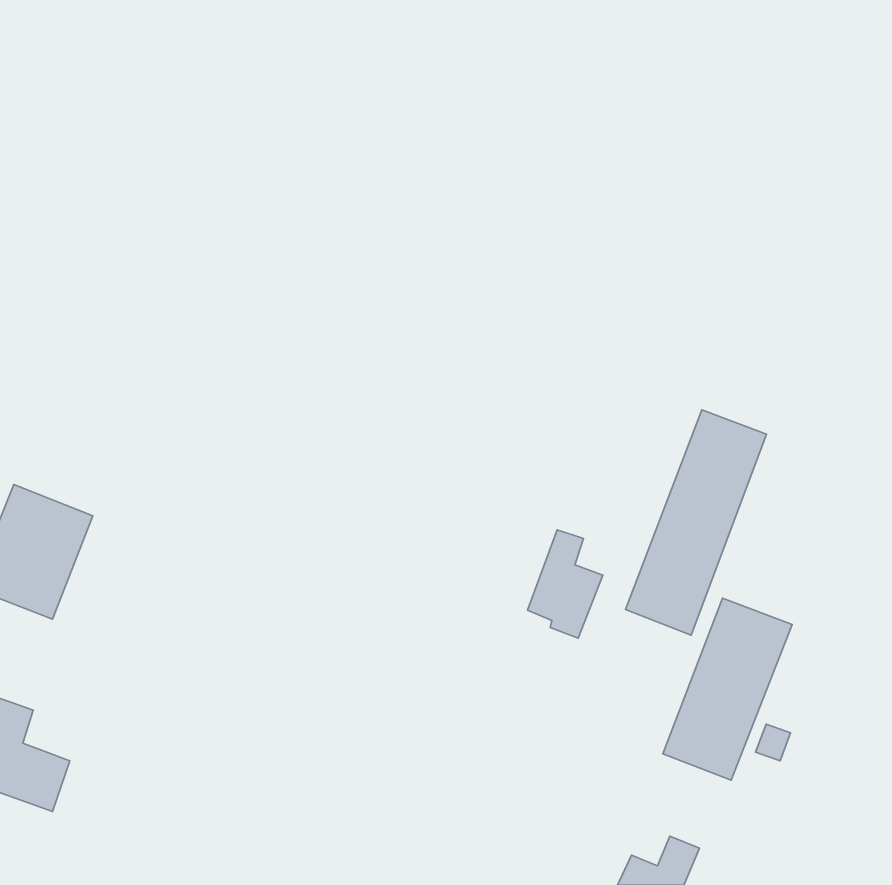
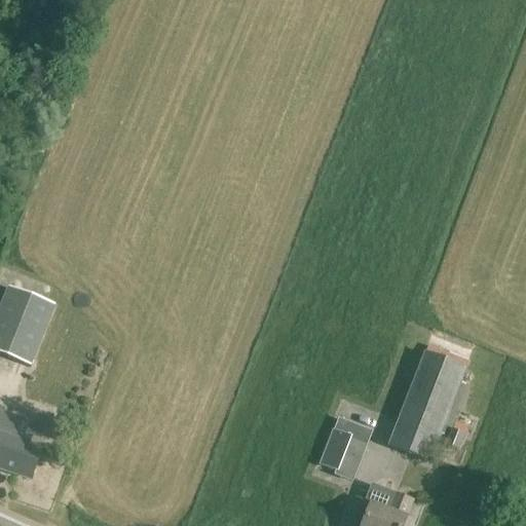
building: [626,410,766,635] -> none
building: [527,530,603,638] -> [322,414,366,478]

